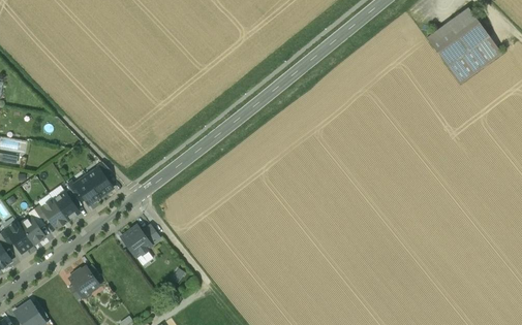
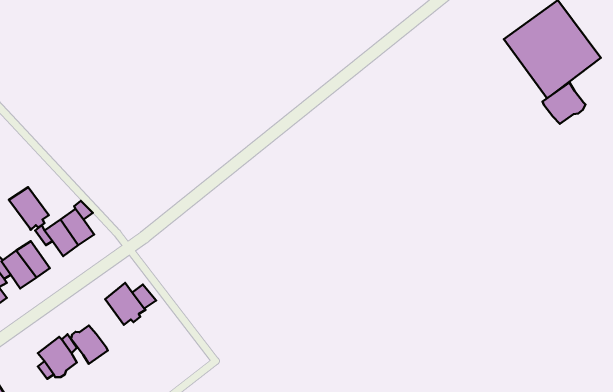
building: none -> [543,82,586,124]
building: none -> [9,187,49,230]
building: none -> [71,326,108,364]

